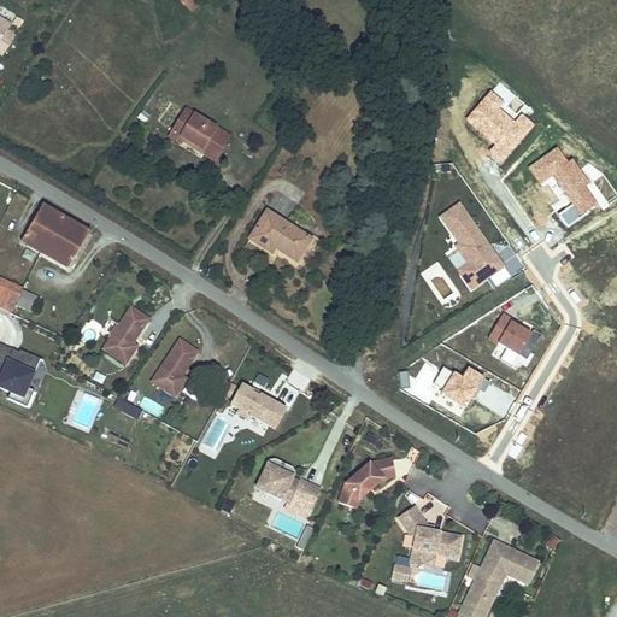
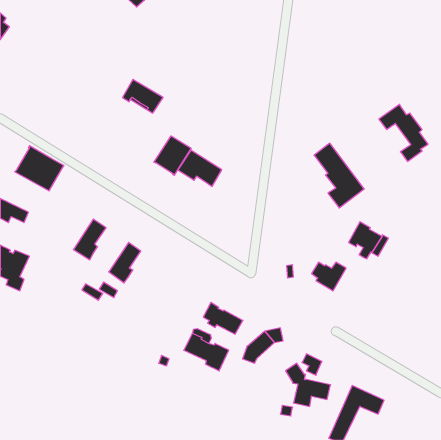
building: [466,89,535,161] -> none
building: none -> [154,136,191,175]
building: [231,384,287,429] -> [203,302,243,334]

